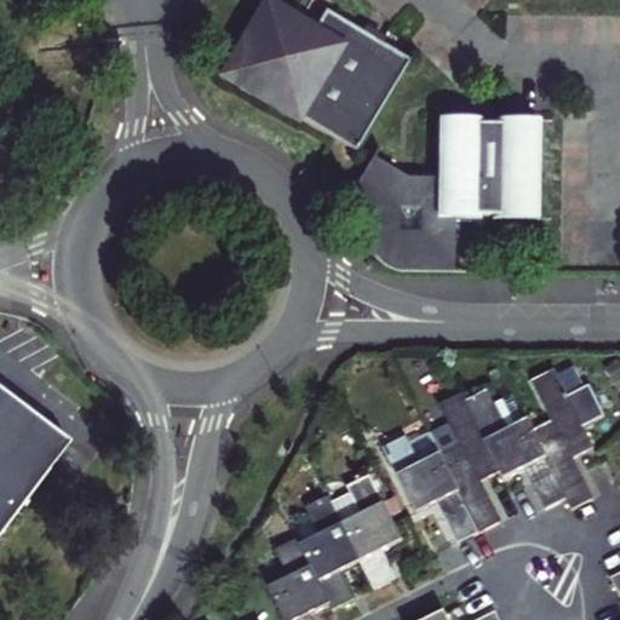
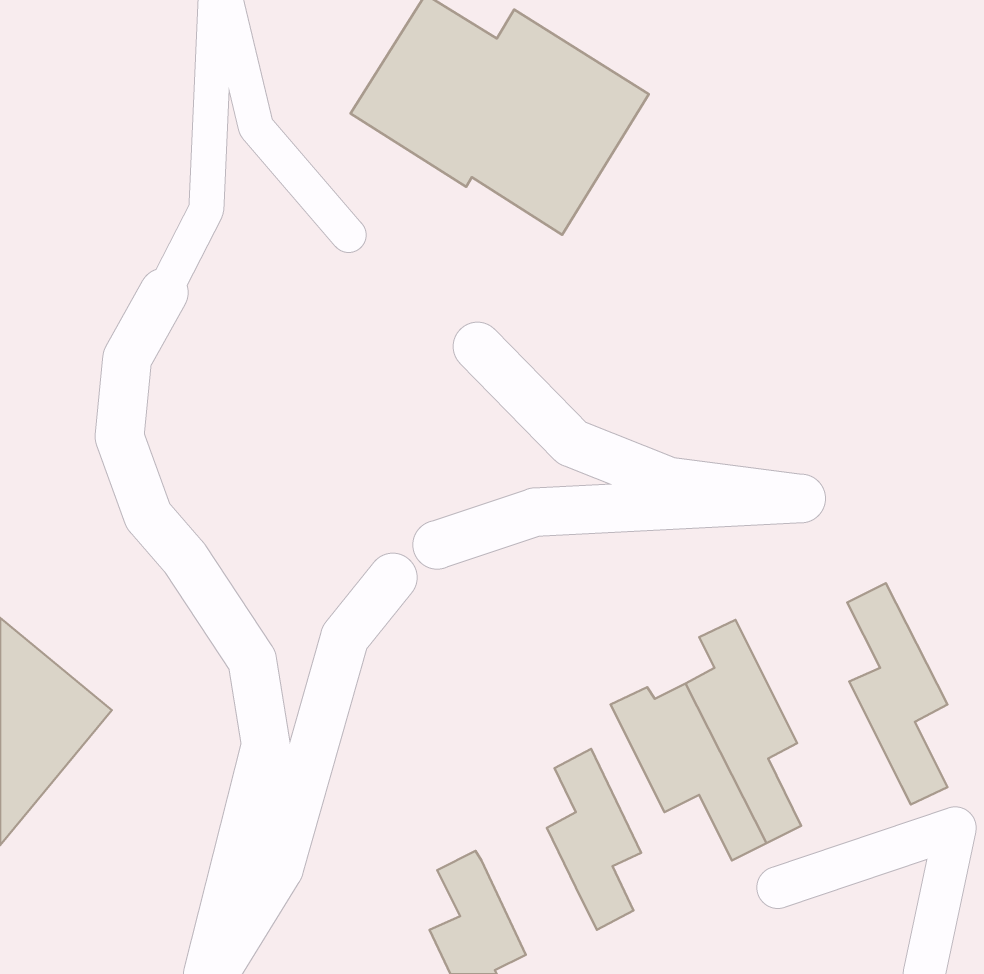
building: [343,110,540,264] -> none
building: [467,389,567,504] -> none
building: [303,493,362,607] -> none

